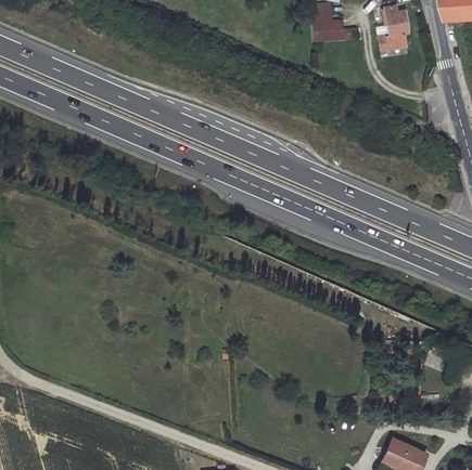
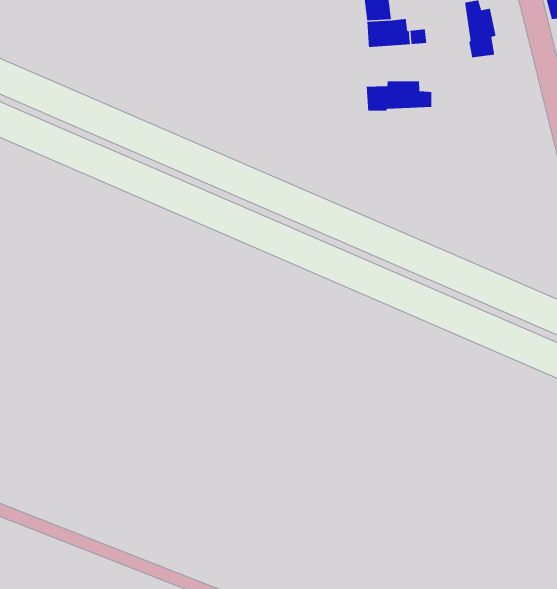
building: none -> [366,81,432,112]

